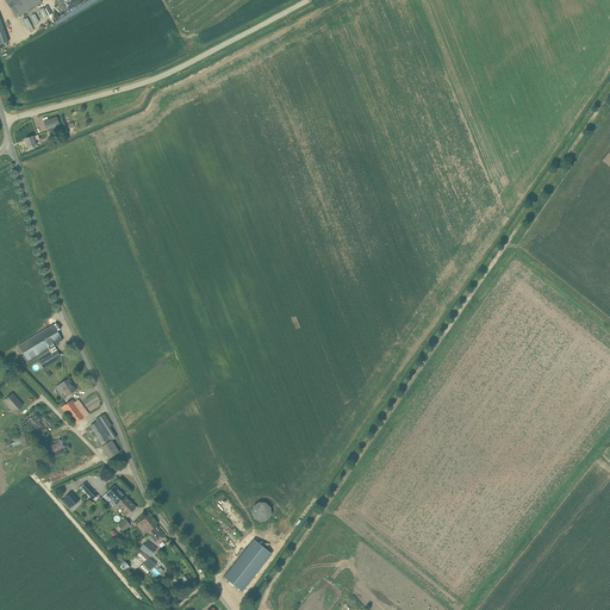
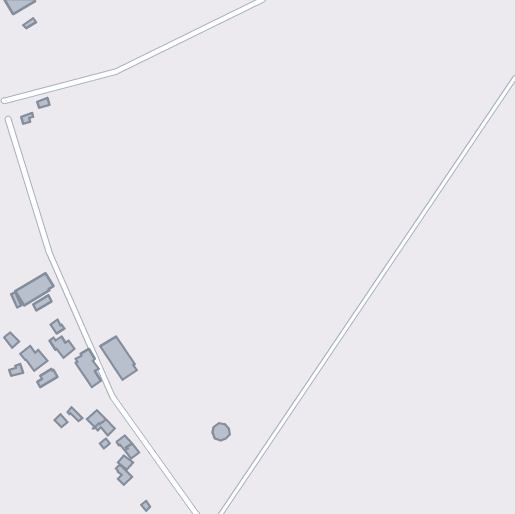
building: none -> [100,336,137,380]
building: [224,539,272,590] -> none

